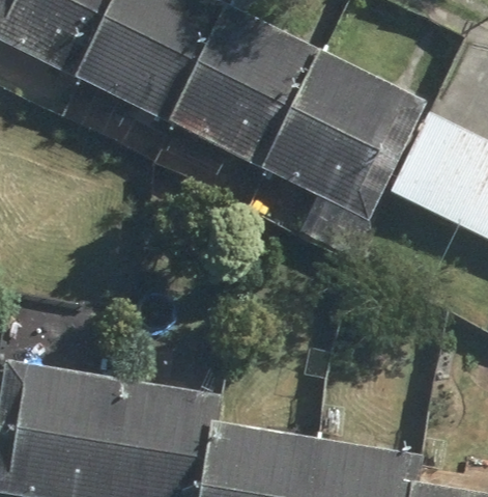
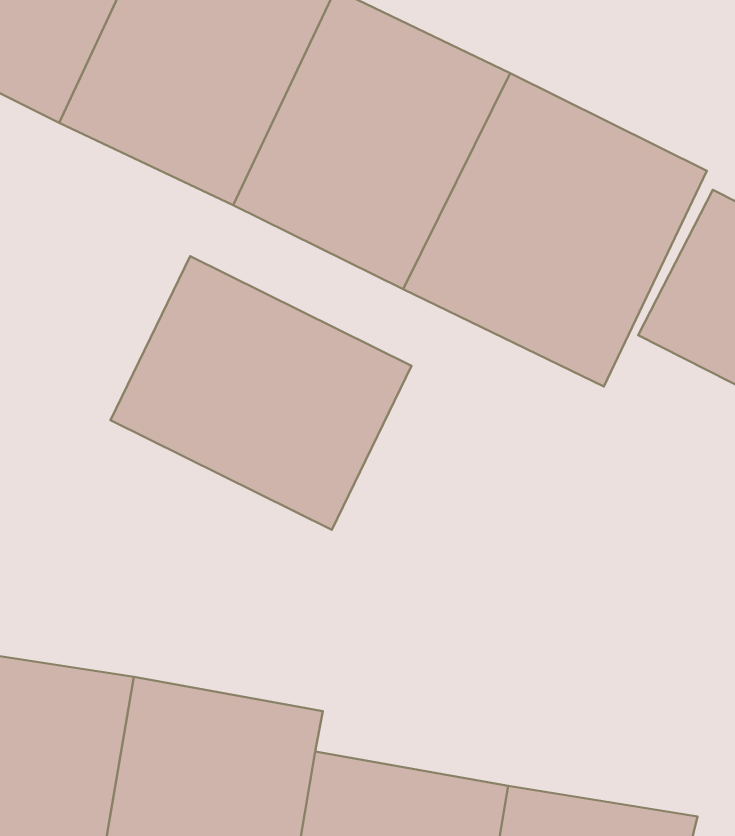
building: none -> [110,256,411,530]

